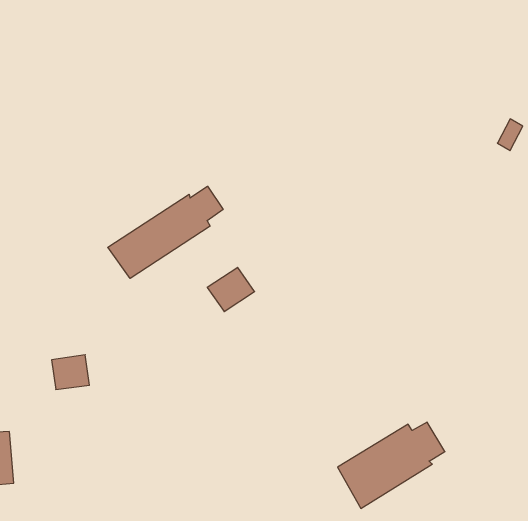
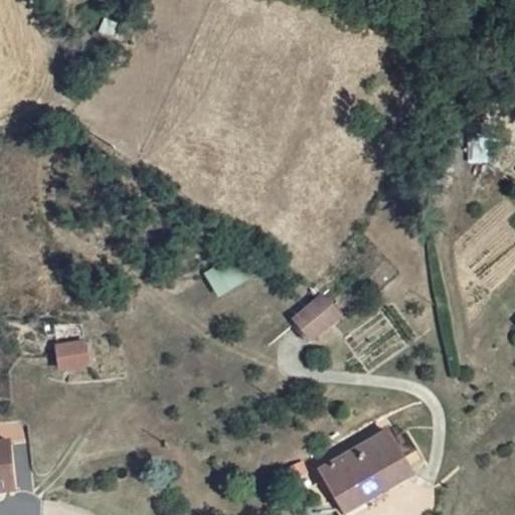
building: [108,186,223,278] -> none
building: none -> [298,286,344,331]

